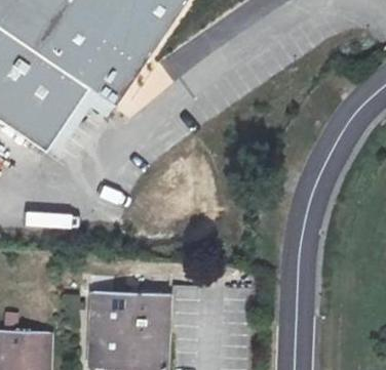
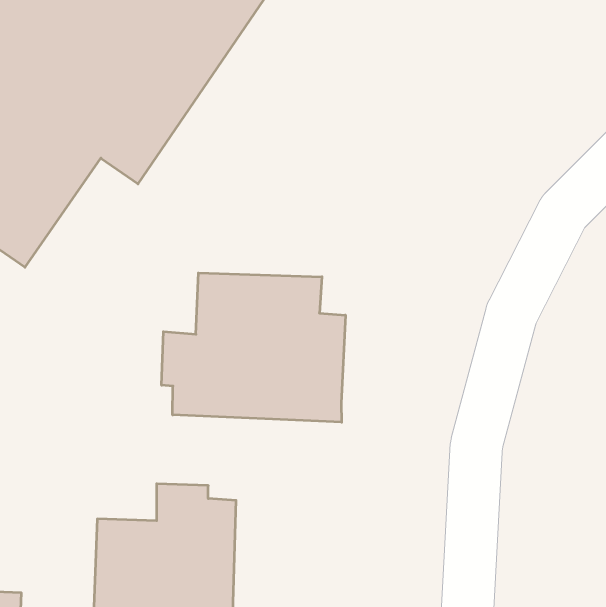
building: none -> [162,273,345,422]

